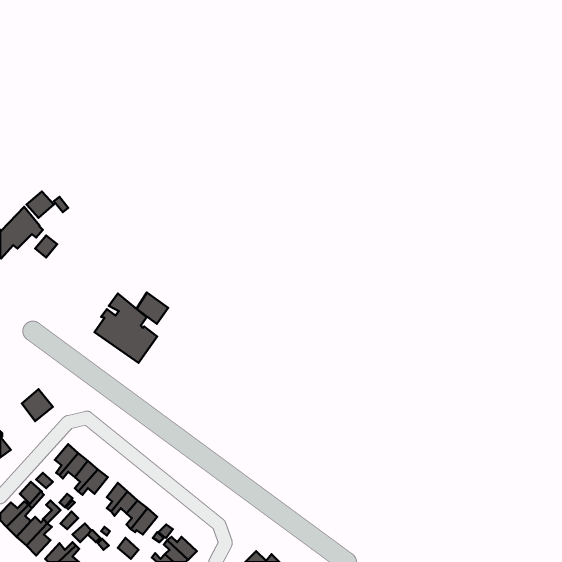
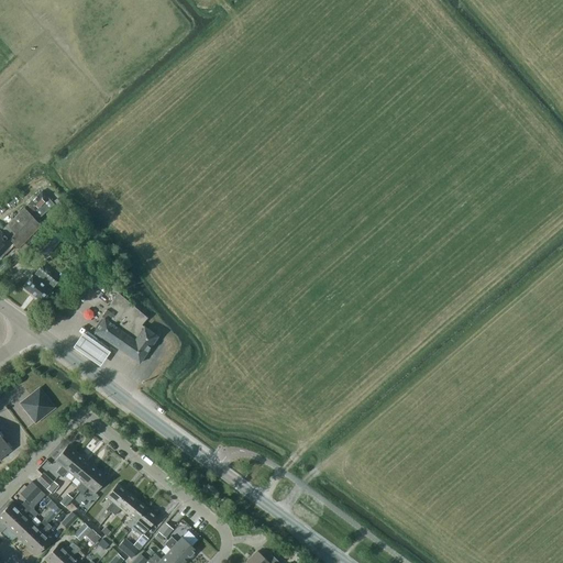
building: none -> [22,268,57,303]
building: [136,293,168,324] -> none
building: none -> [71,329,111,364]

